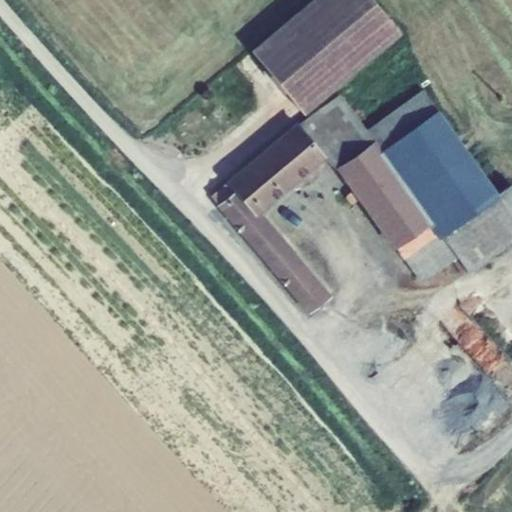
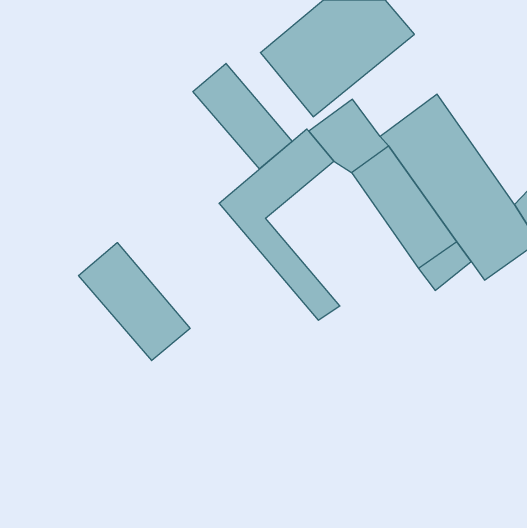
building: none -> [193,63,292,169]
building: none -> [79,243,190,361]

